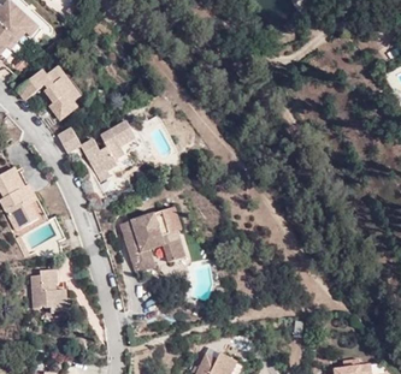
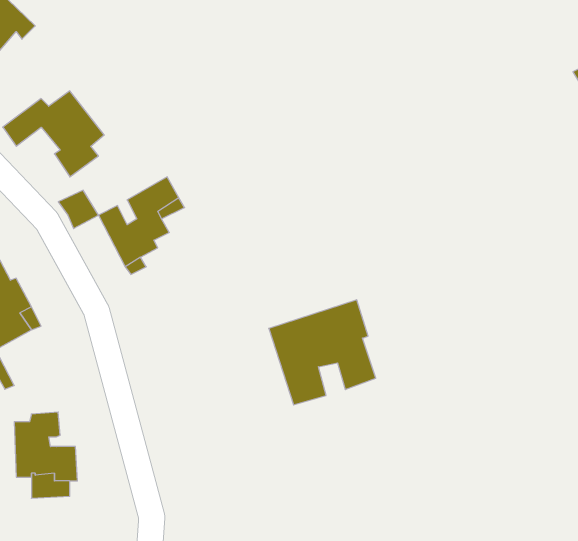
building: [118,206,185,272] -> [269,300,376,405]

